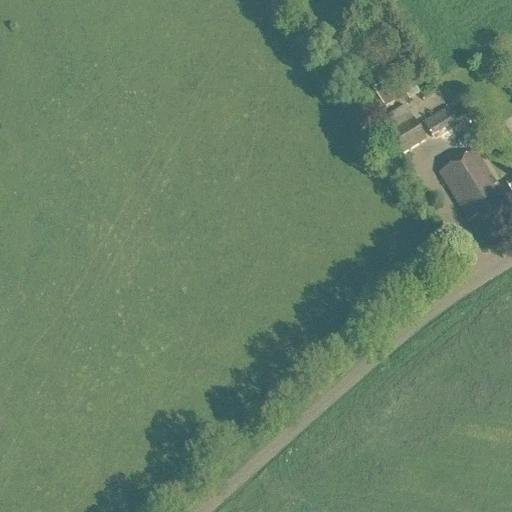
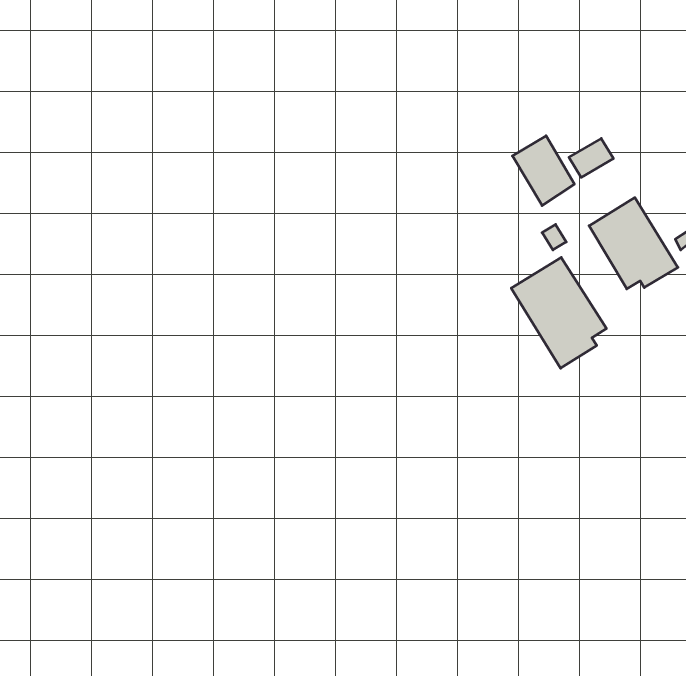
building: none -> [511,257,606,368]

